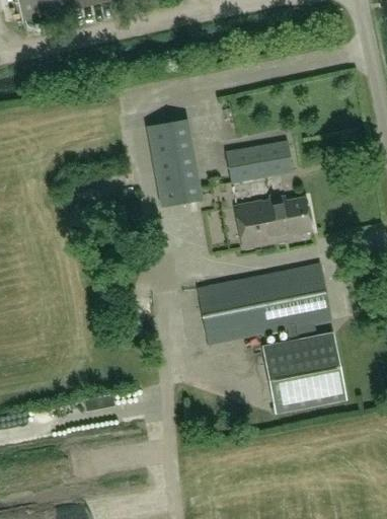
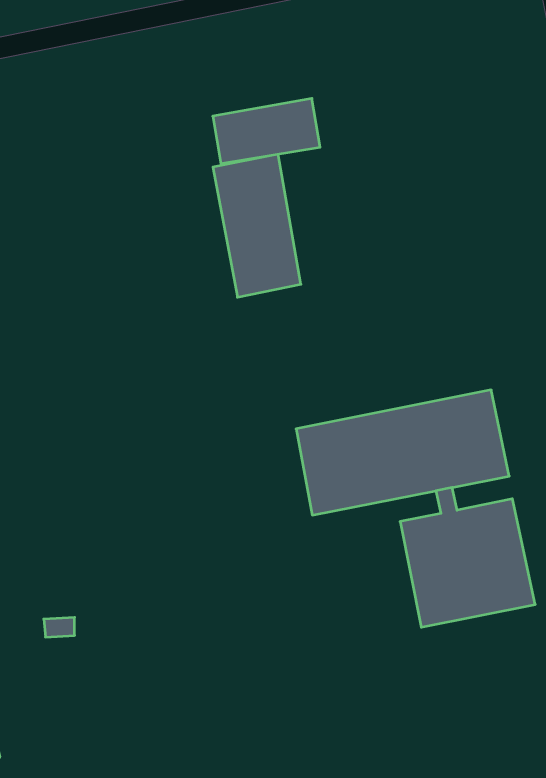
building: [225,141,292,181] -> [213,98,320,163]
building: [234,197,310,247] -> none

